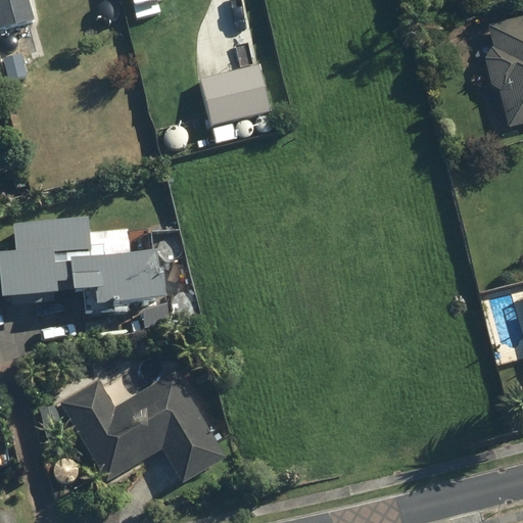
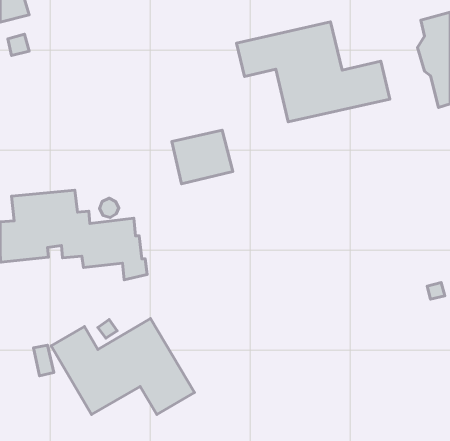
building: none -> [237,22,390,122]
building: [200,61,271,124] -> [172,130,233,184]

